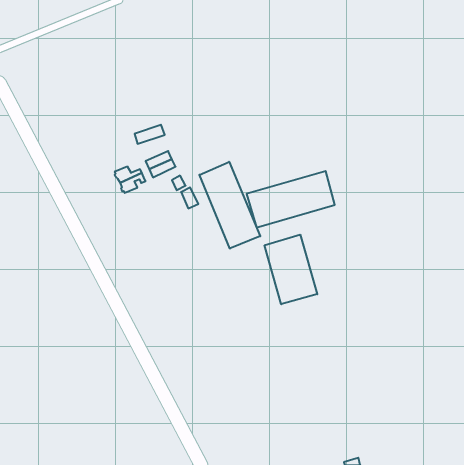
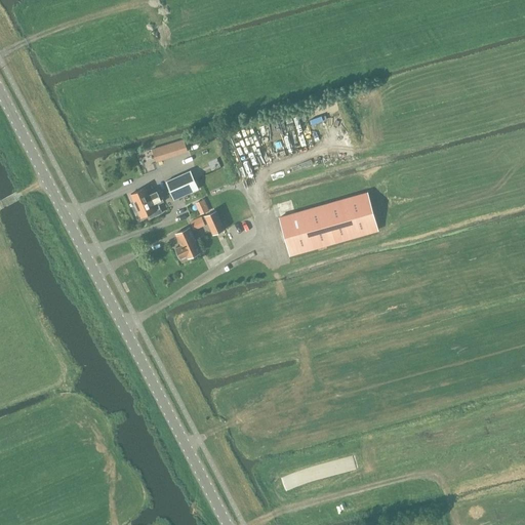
building: [199,162,260,249] -> none
building: none -> [174,228,199,258]
building: [265,235,317,304] -> none

